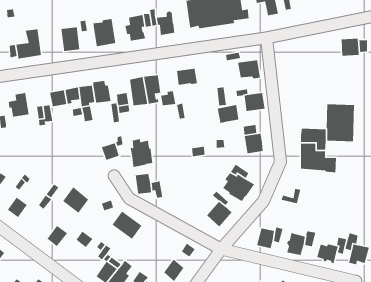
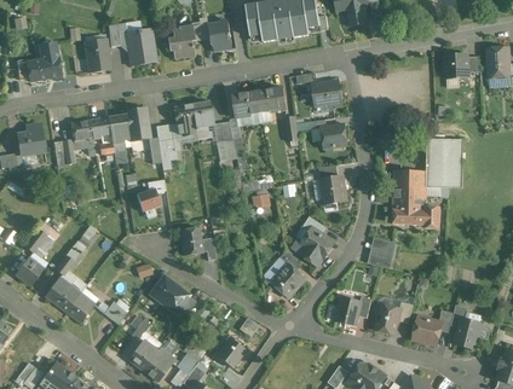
building: [217,104,240,124] -> [256,87,286,112]
building: [130,138,153,168] -> none
building: [62,186,89,214] -> [44,277,79,312]

